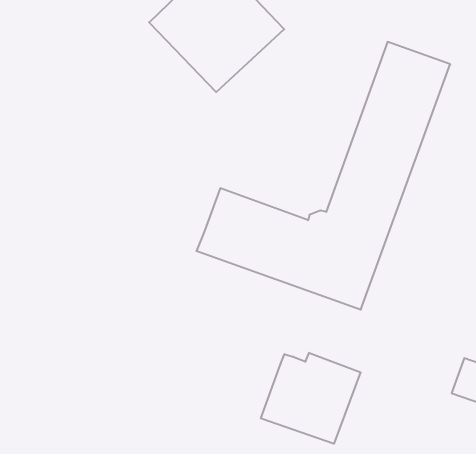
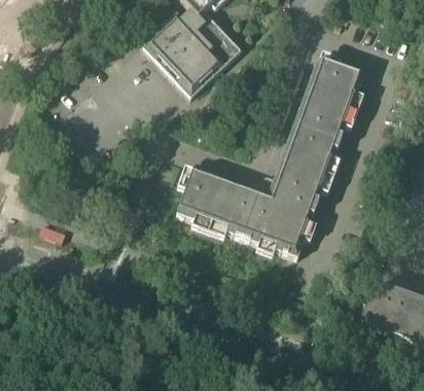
building: [261,353,361,444] -> none

